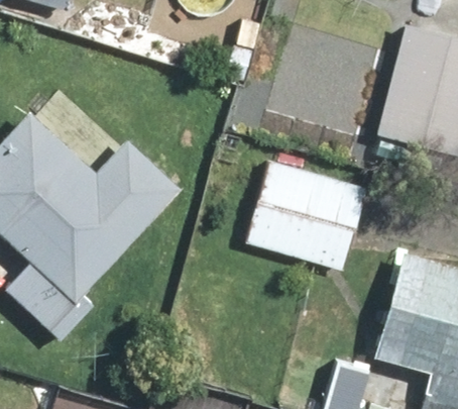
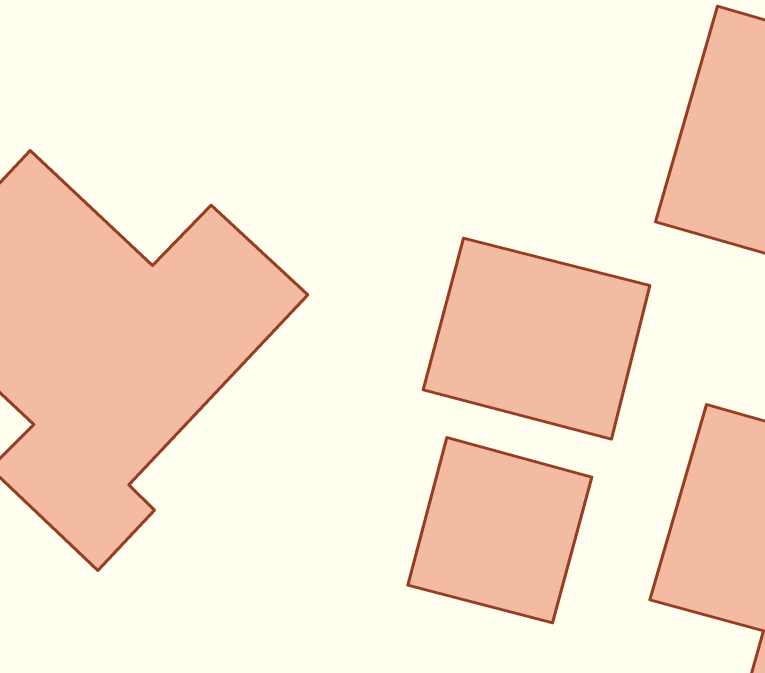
building: none -> [408,438,592,623]

